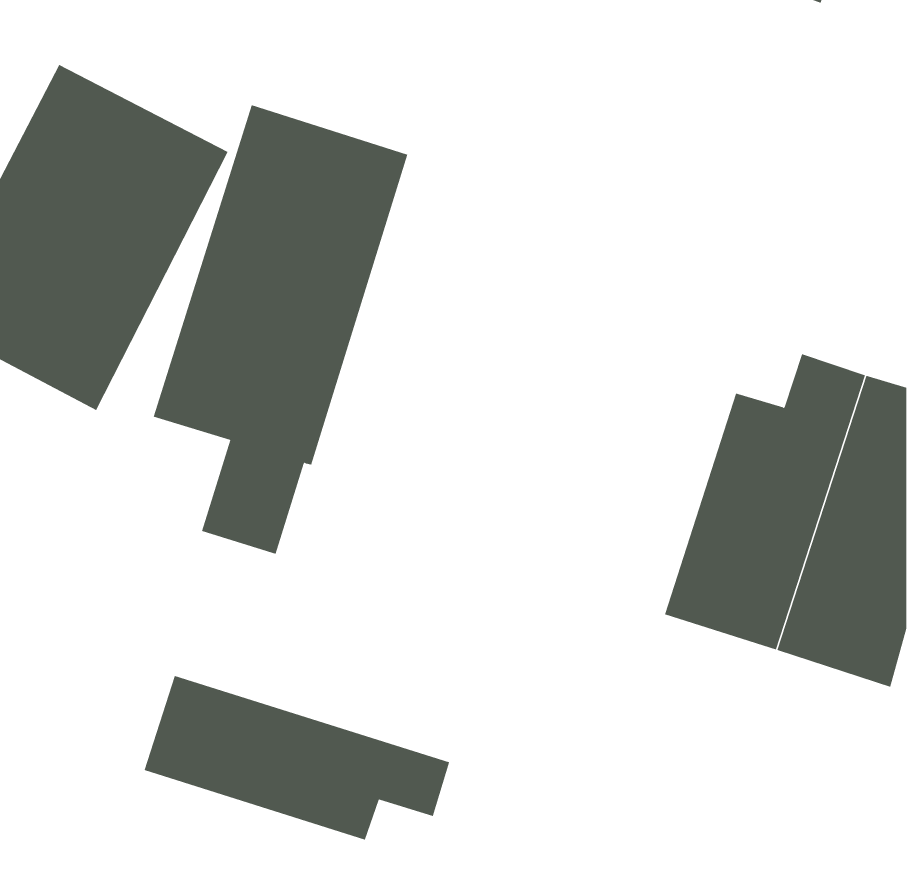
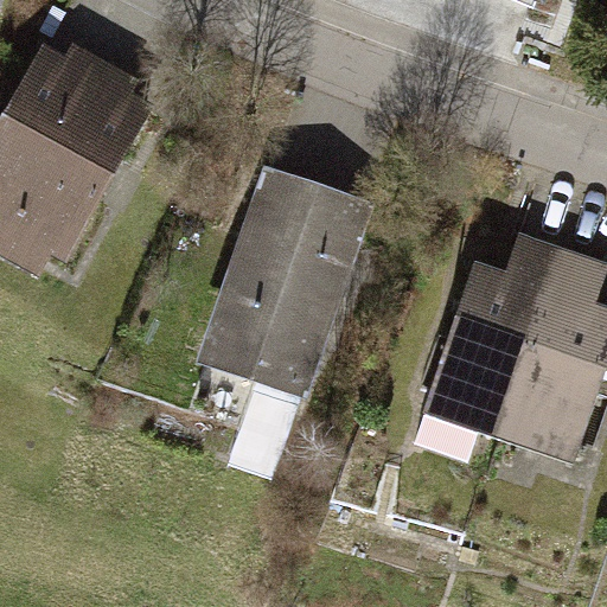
building: [153,104,408,554] -> [194,167,364,466]
building: [144,675,450,841] -> none

